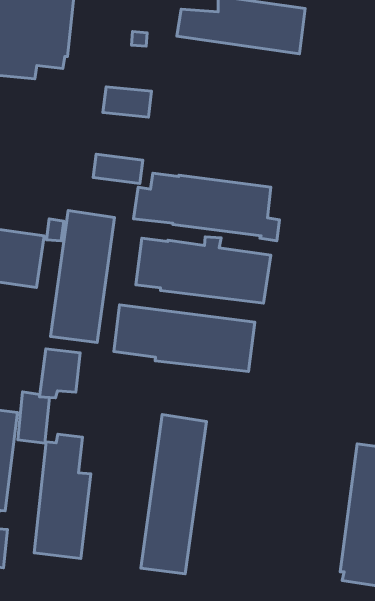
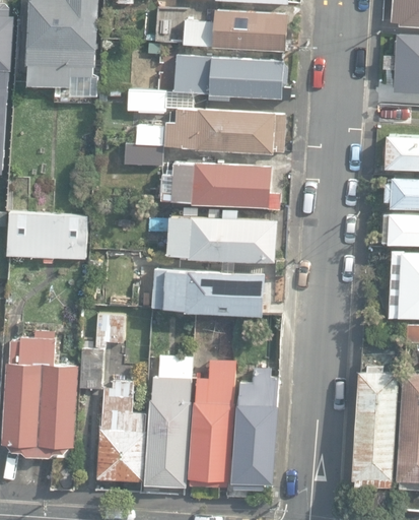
building: none -> [173,56,291,102]
building: none -> [135,107,284,152]
building: [50,211,115,342] -> none
building: none -> [141,352,191,490]
building: none -> [232,369,279,492]

